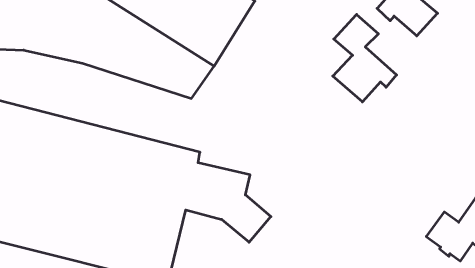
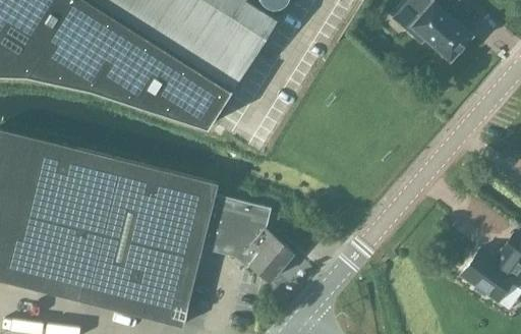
building: [333,14,397,102] -> none

